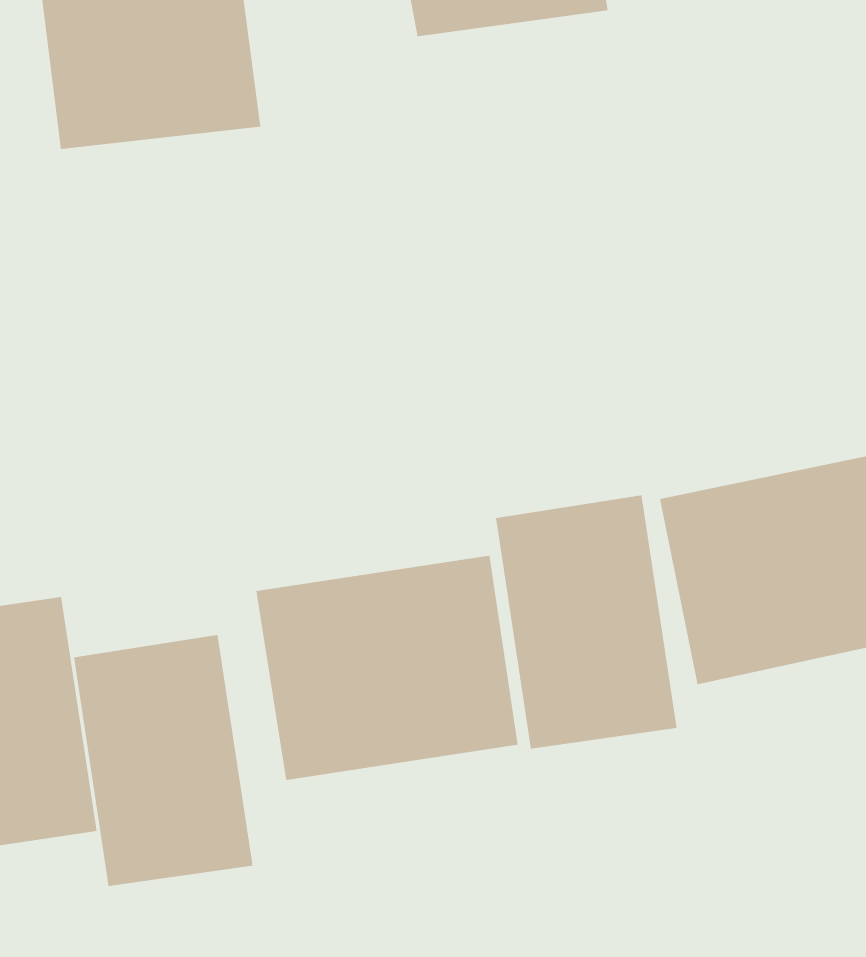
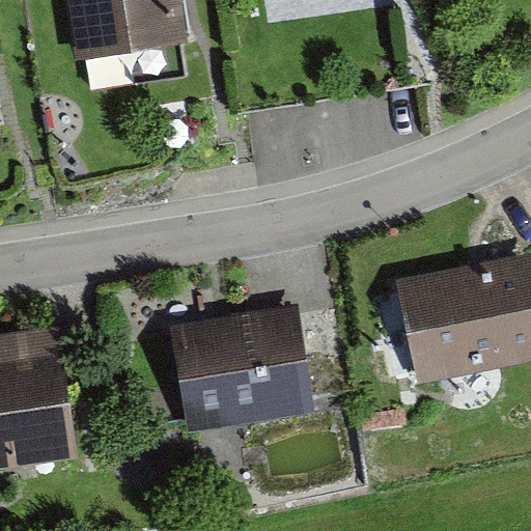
building: [496,495,677,749] -> none
building: [74,634,253,887] -> none

